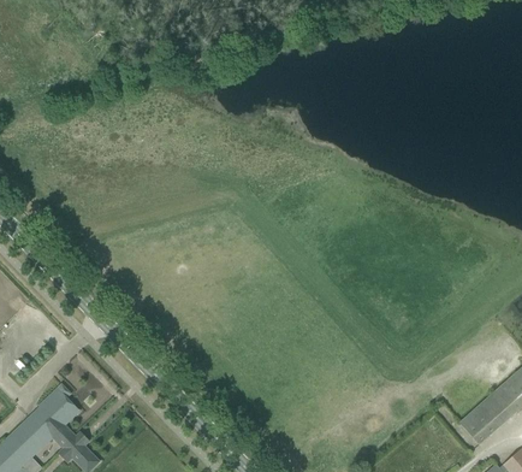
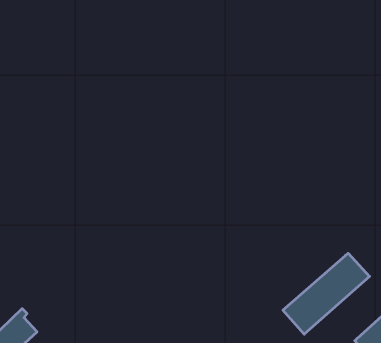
building: none -> [283,253,370,334]

